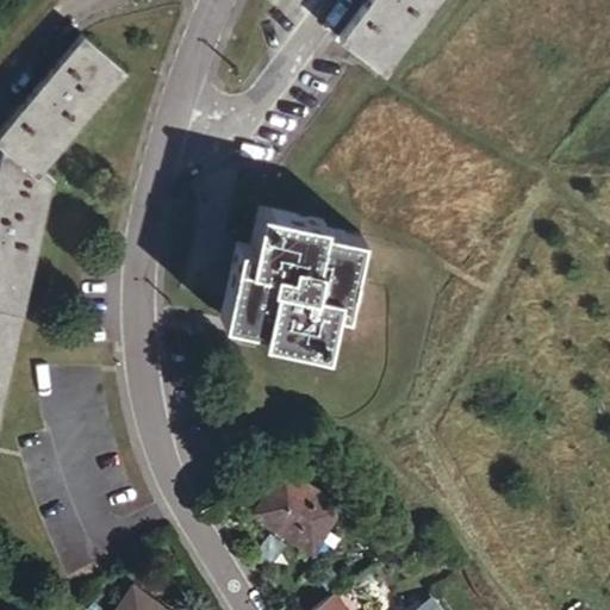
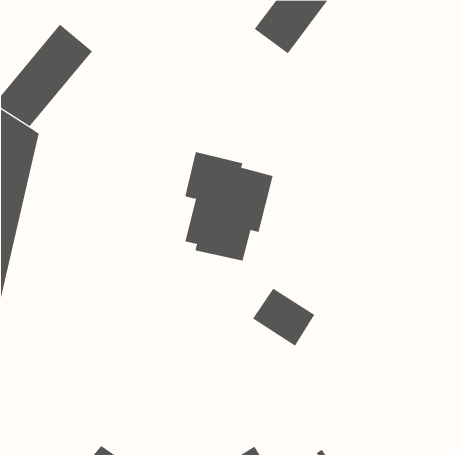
building: [220,249,260,326] -> none
building: [256,479,340,556] -> [252,288,315,346]

